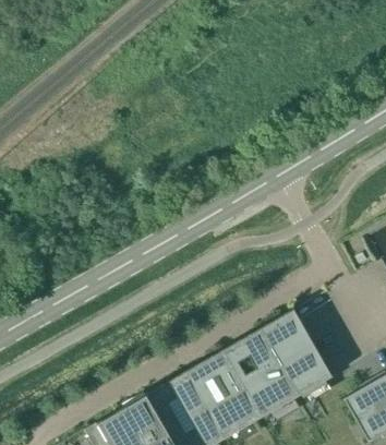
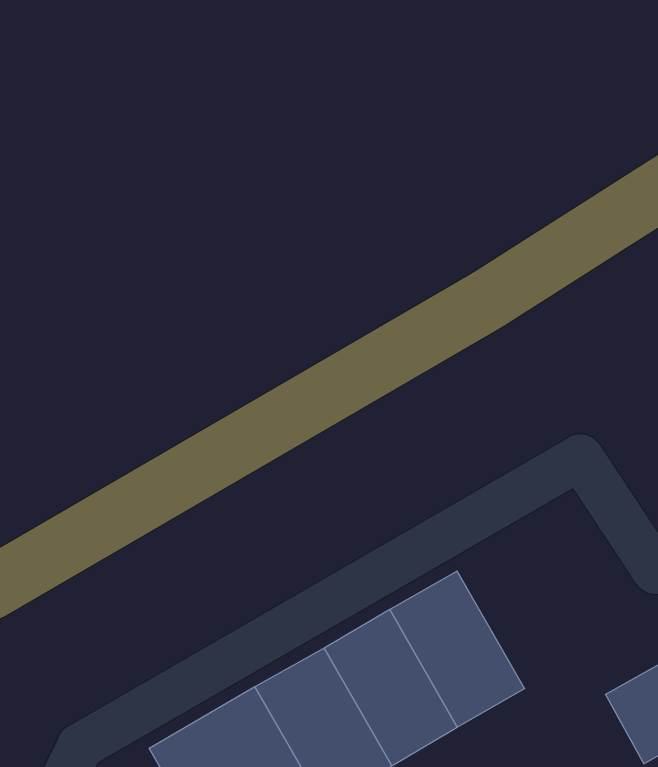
building: [261,310,334,396] -> none

